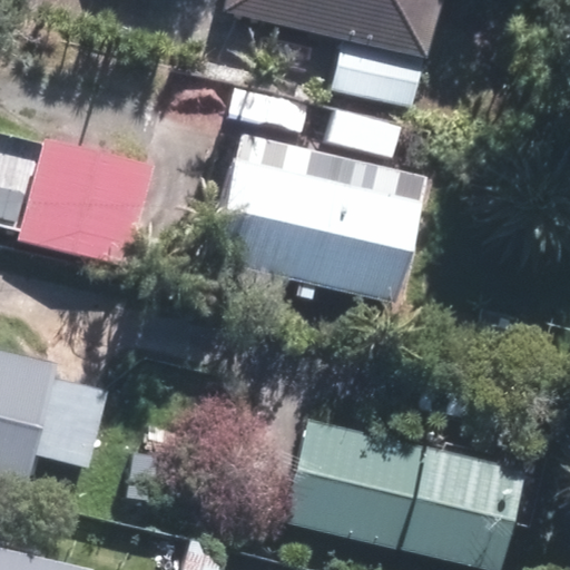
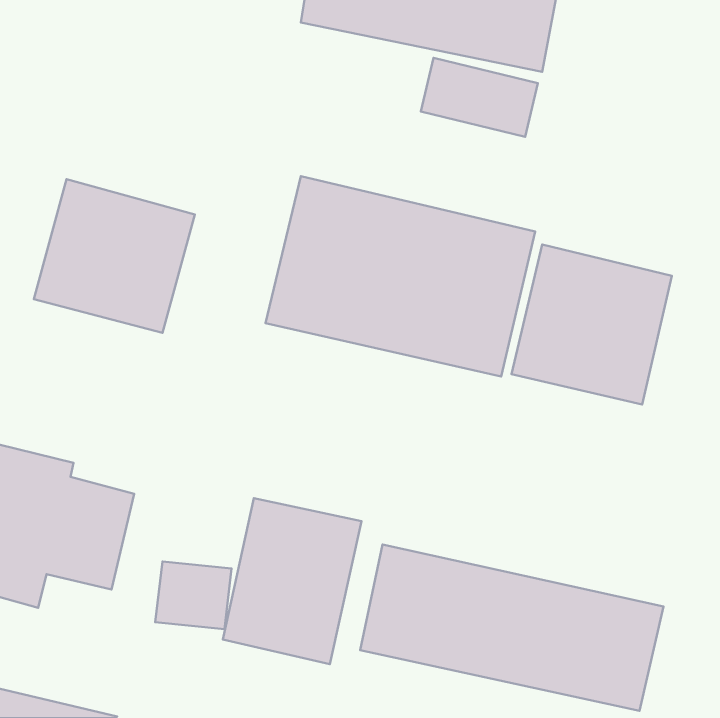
building: none -> [512,245,672,404]
building: none -> [223,498,361,664]

